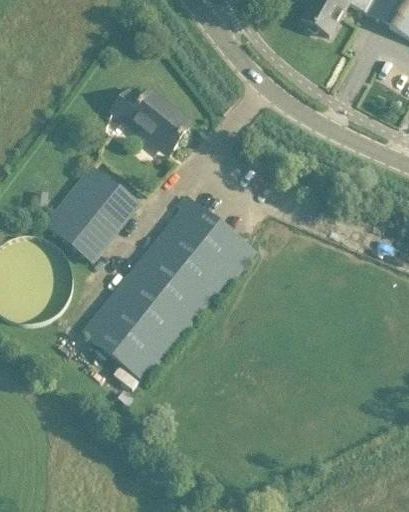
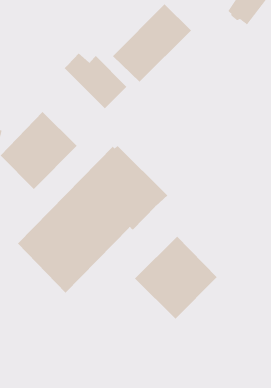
building: none -> [112,3,192,83]
building: none -> [134,236,218,320]

